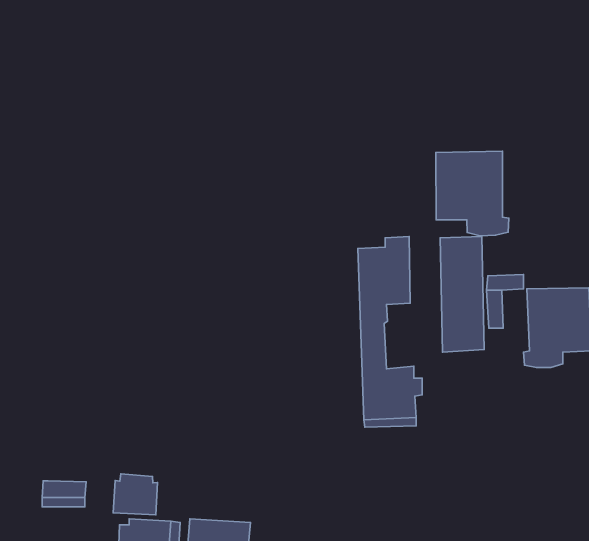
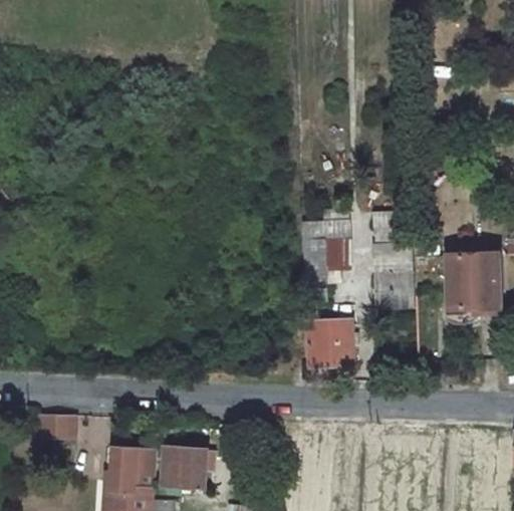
building: [436,151,509,236] -> none
building: [113,474,158,515] -> none

